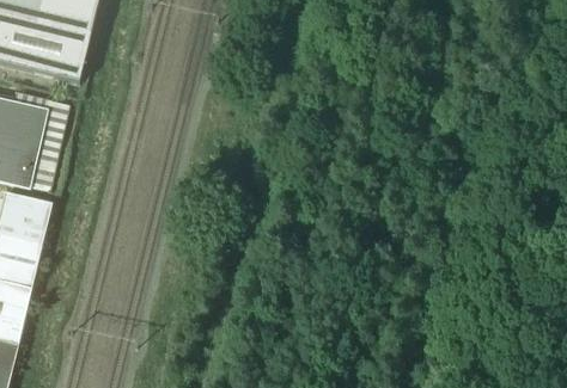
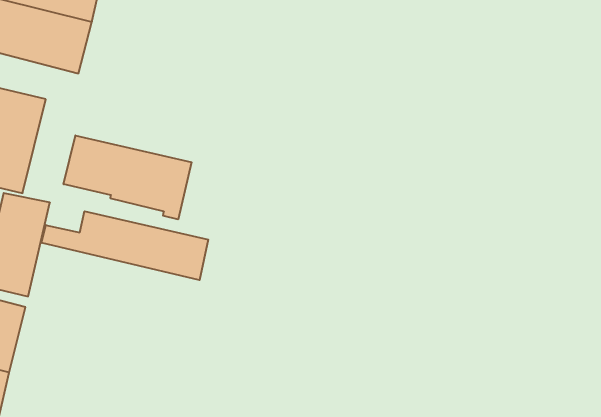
building: none -> [64,135,192,219]
building: none -> [41,211,208,280]

